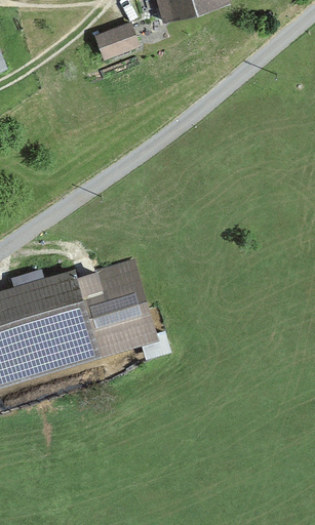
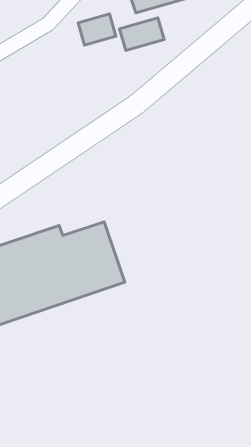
building: none -> [119,18,164,51]

